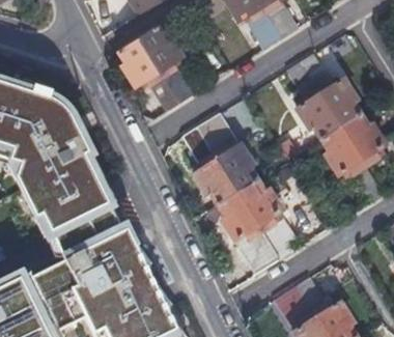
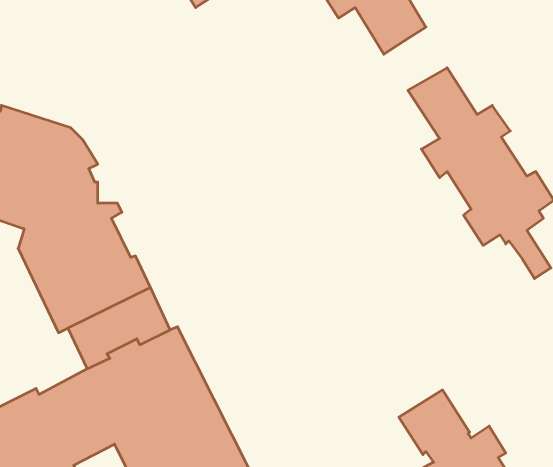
building: [119,25,199,110] -> none
building: [182,112,293,274] -> none

